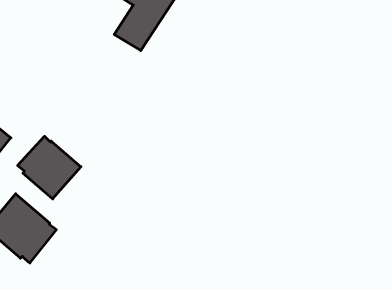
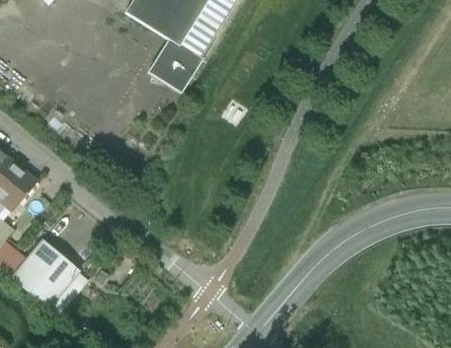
building: [18,136,81,199] -> none

